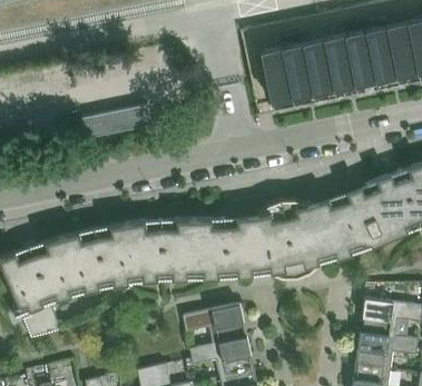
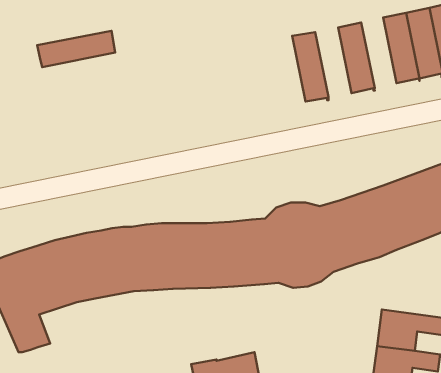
building: [345,31,379,96] -> none
building: [303,40,336,103] -> none
building: [261,48,294,112] -> none
building: [80,105,151,138] -> [37,31,115,67]
building: [183,304,247,345] -> none

